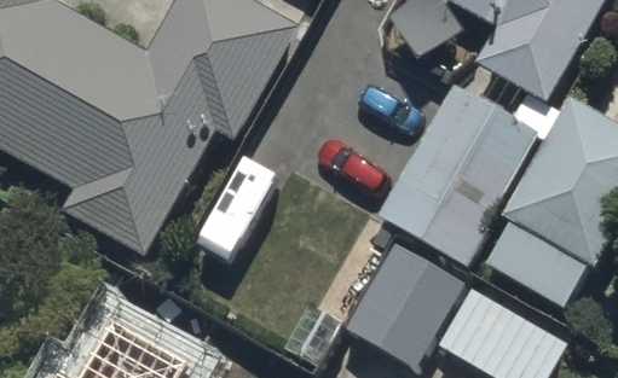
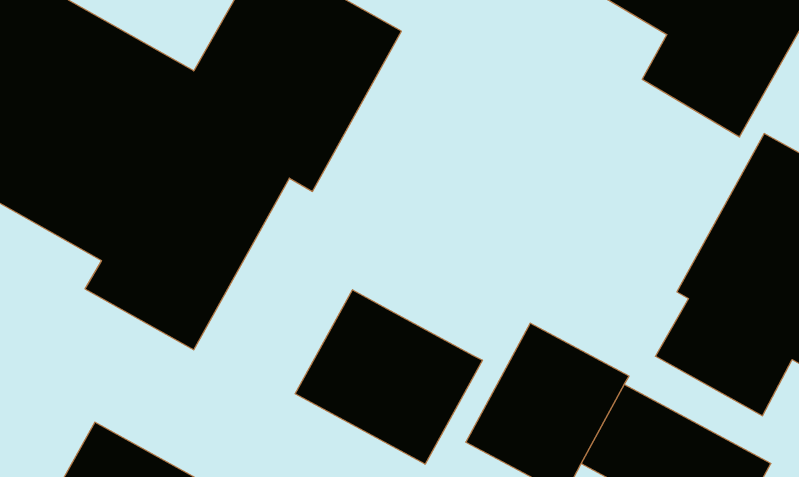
building: [379,87,536,263] -> none
building: none -> [295,290,482,464]

